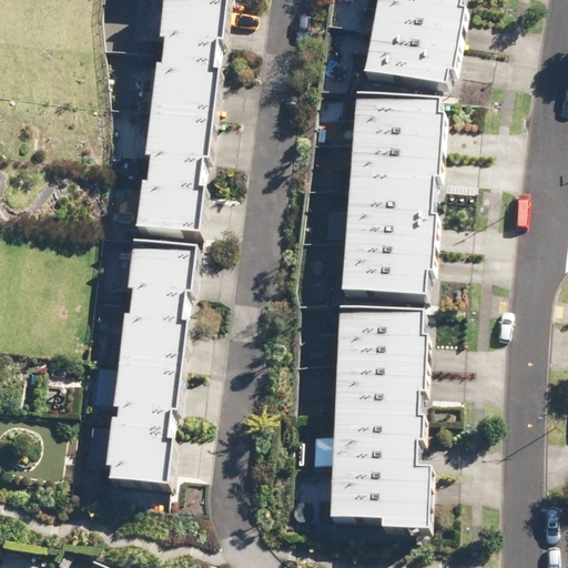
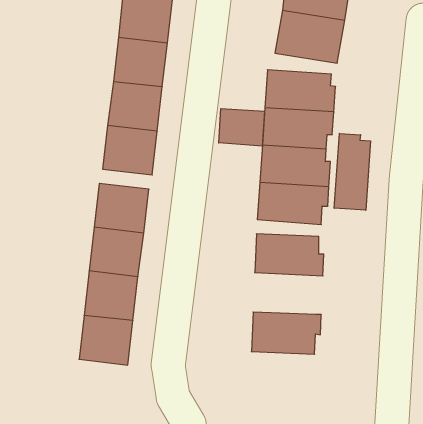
building: none -> [219,109,265,146]
building: none -> [334,133,370,210]
building: [334,359,426,415] -> none
building: [329,464,430,526] -> none

